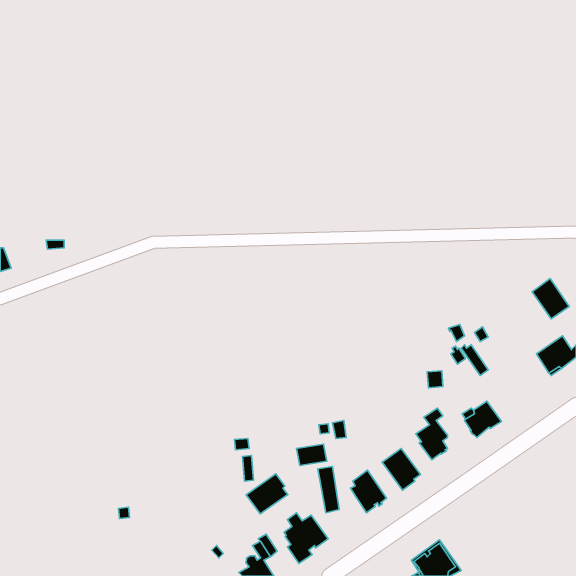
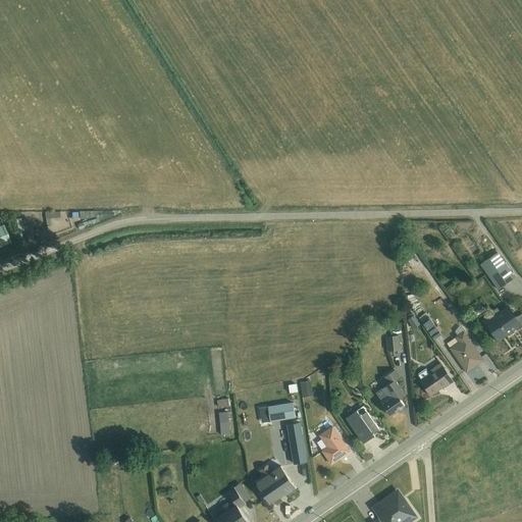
building: none -> [447,326,483,372]
building: [246,474,288,514] -> none

